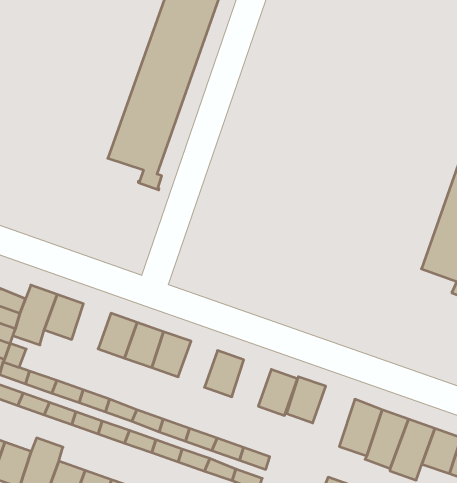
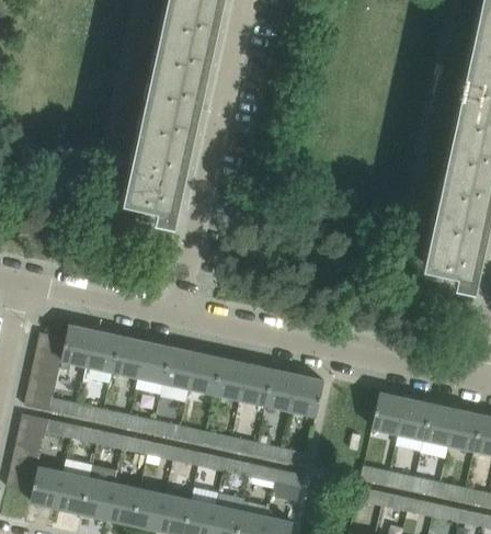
building: none -> [114,337,147,376]
building: none -> [216,359,249,399]
building: [286,377,326,423] -> [267,370,300,410]

